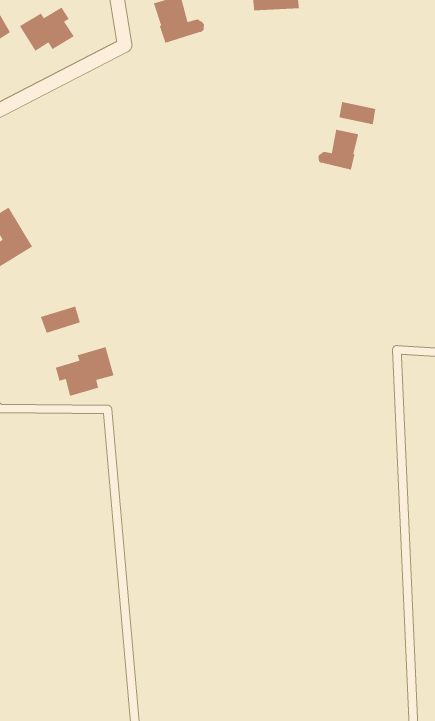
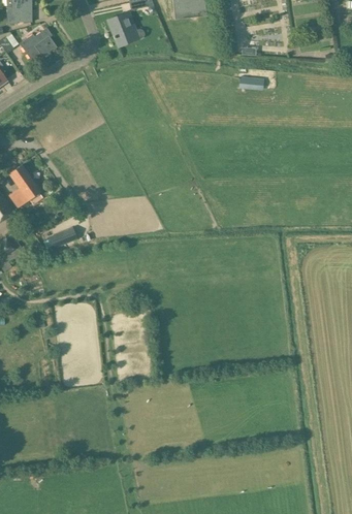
building: [318,129,359,170] -> none
building: [55,346,114,397] -> none

